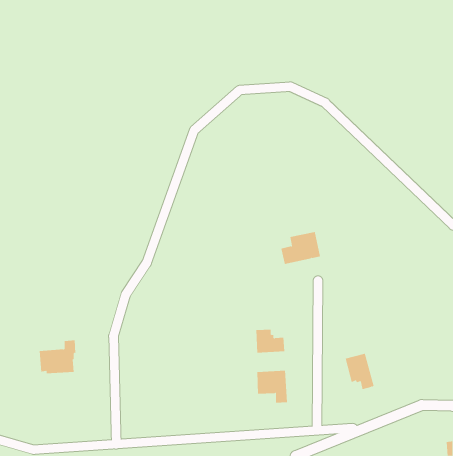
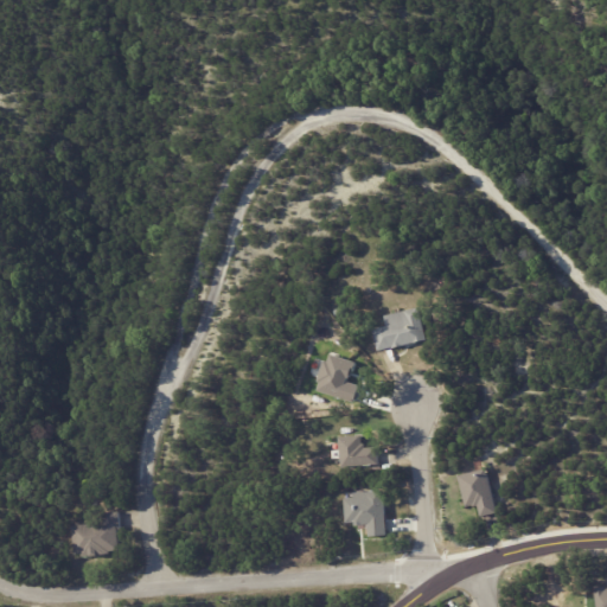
building: none -> [315,354,353,397]
building: [39,340,76,374] -> [71,512,121,557]

